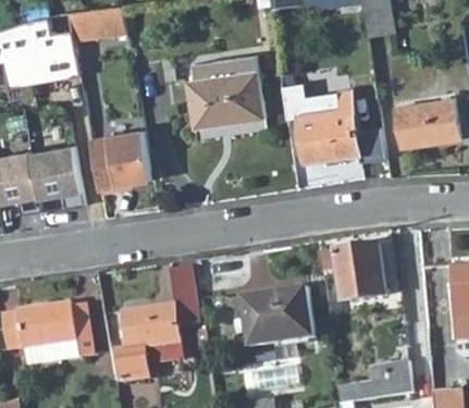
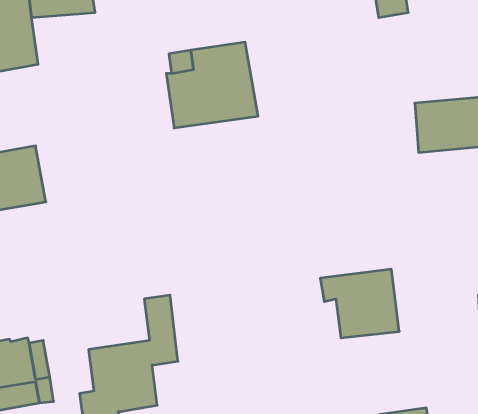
building: [282,83,359,161] -> none
building: [91,133,150,194] -> none
building: [243,290,314,349] -> none

